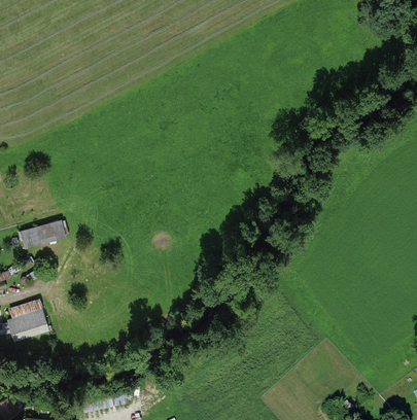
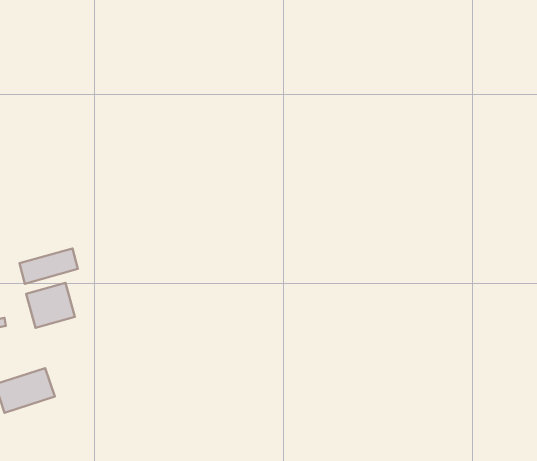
building: none -> [26,283,75,328]

